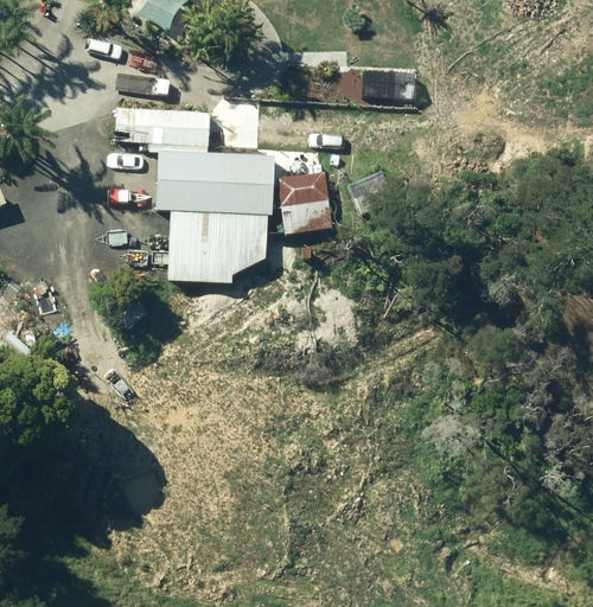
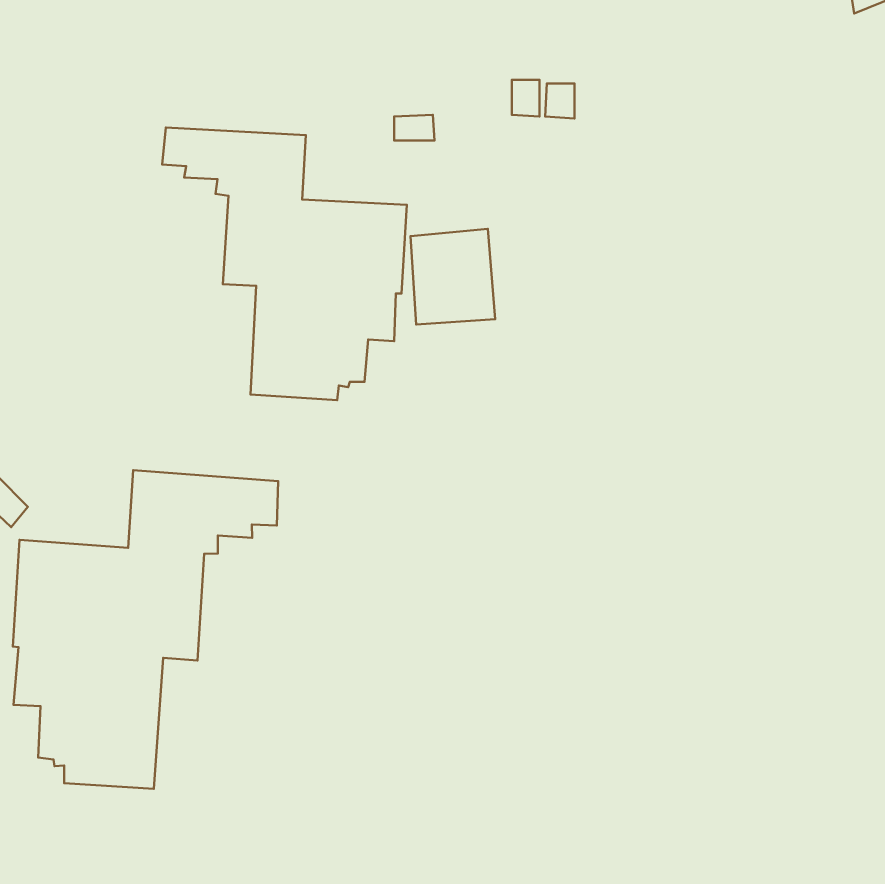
building: none -> [13,470,278,789]

